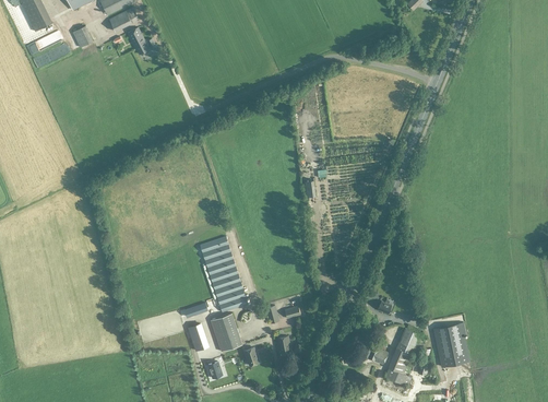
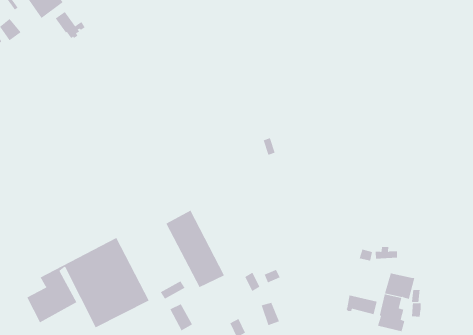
building: none -> [26,237,150,328]
building: [210,312,241,351] -> none
building: [433,322,468,367] -> none

